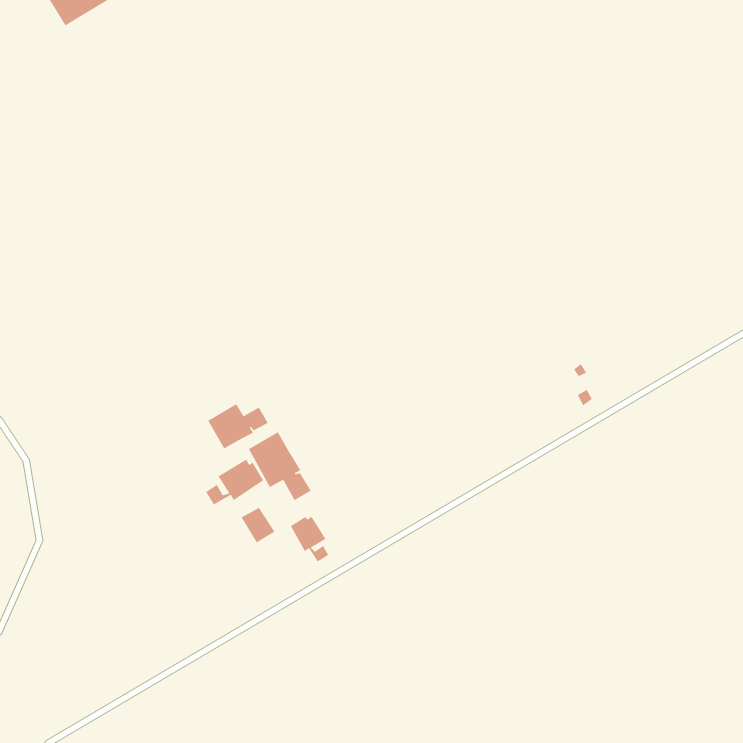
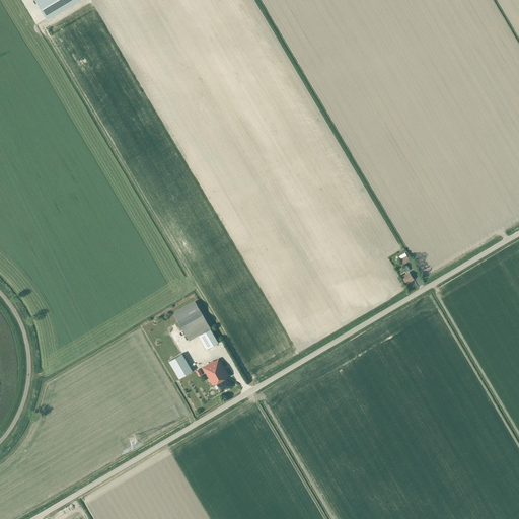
building: [207,403,269,450] -> none
building: [205,458,264,506] -> none

